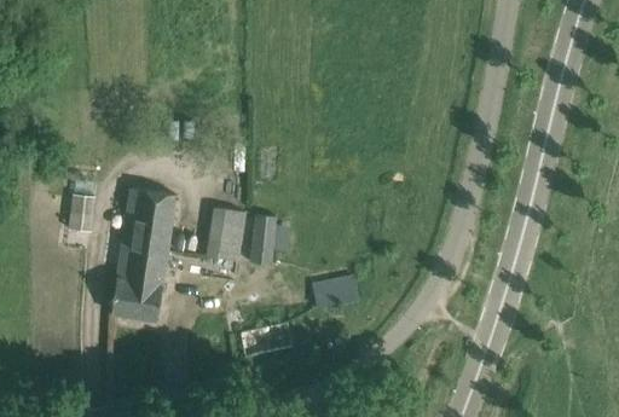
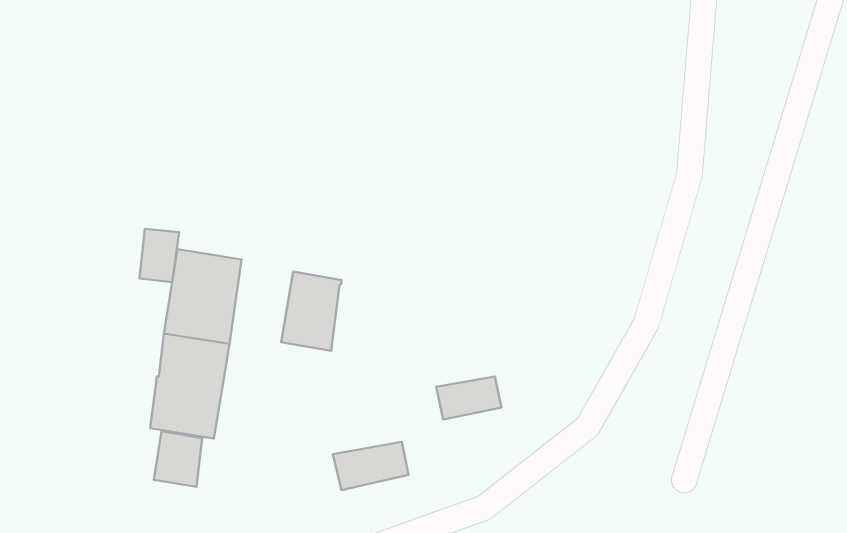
building: [68,193,96,231] -> [140,229,179,282]
building: [239,214,276,265] -> none
building: none -> [154,431,202,487]

